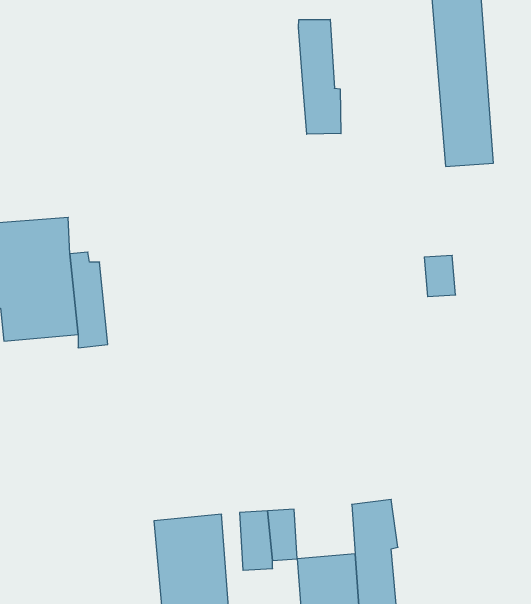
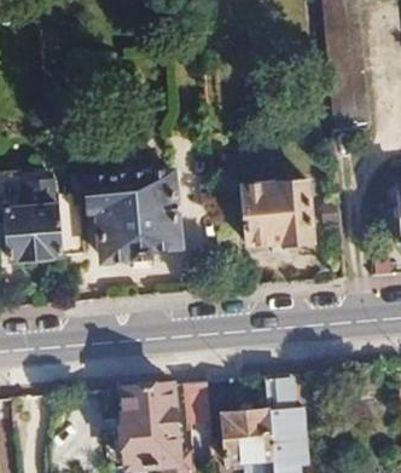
building: [299,19,341,134] -> none
building: none -> [242,180,315,248]
building: none -> [88,186,180,260]

